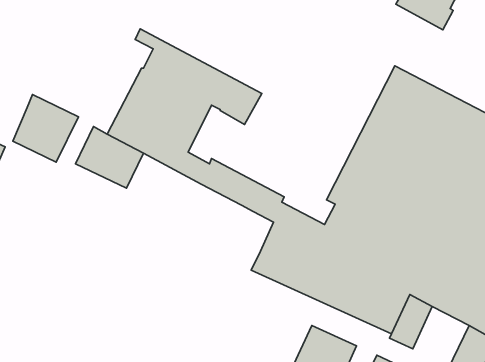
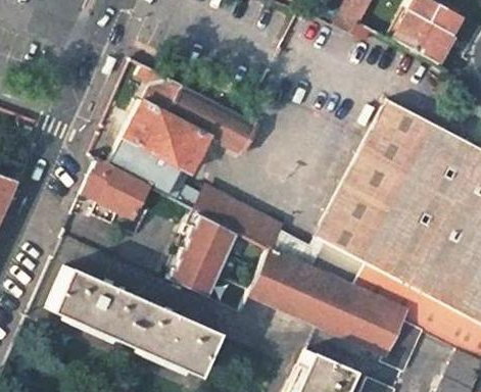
building: [13,95,79,162] -> none
building: none -> [166,212,240,301]
building: none -> [46,265,213,375]

